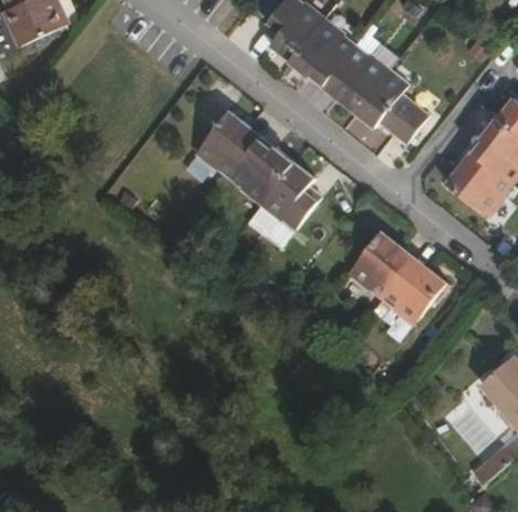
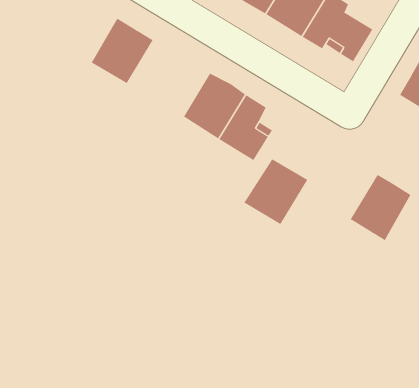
building: [198,111,262,177] -> [91,18,153,84]
building: [349,232,415,298] -> [243,158,308,225]

